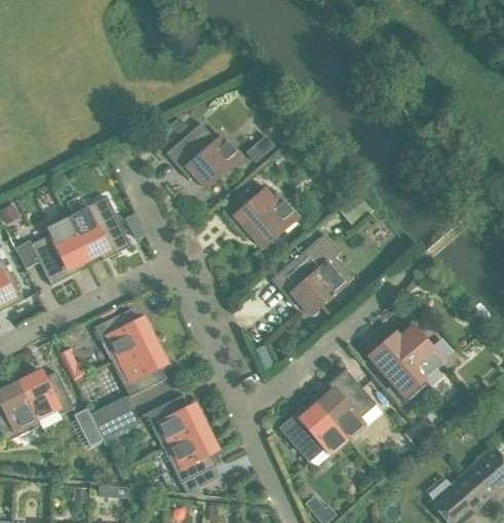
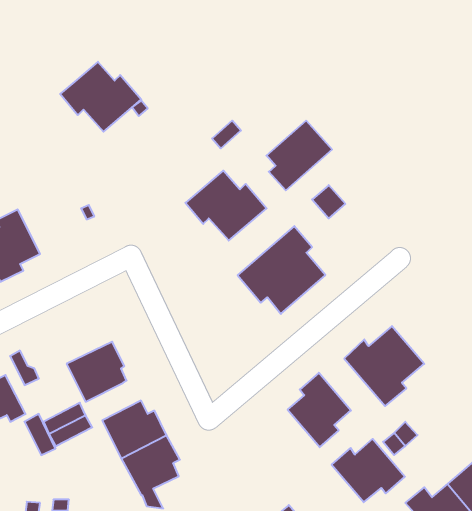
building: [166,122,241,187] -> [60,62,141,132]
building: none -> [266,121,332,190]
building: [68,195,131,259] -> none
building: [94,308,155,361] -> none
building: [279,403,347,461] -> [332,439,405,502]

